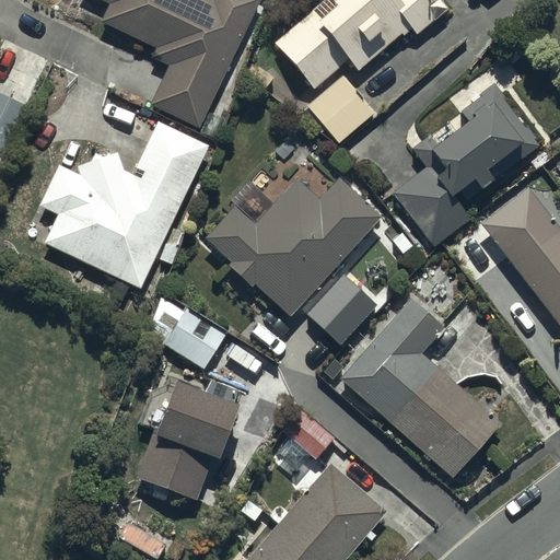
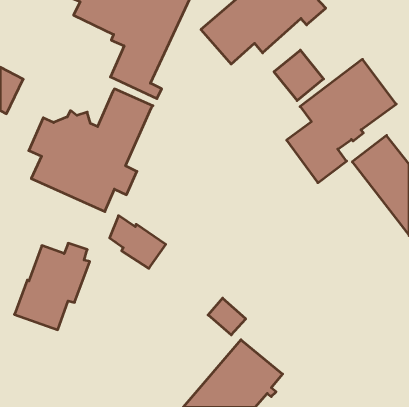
building: [307,73,375,142] -> [274,50,324,101]
building: [208,177,384,345] -> none
building: [340,298,501,476] -> none
building: [138,381,241,499] -> [14,243,90,330]

